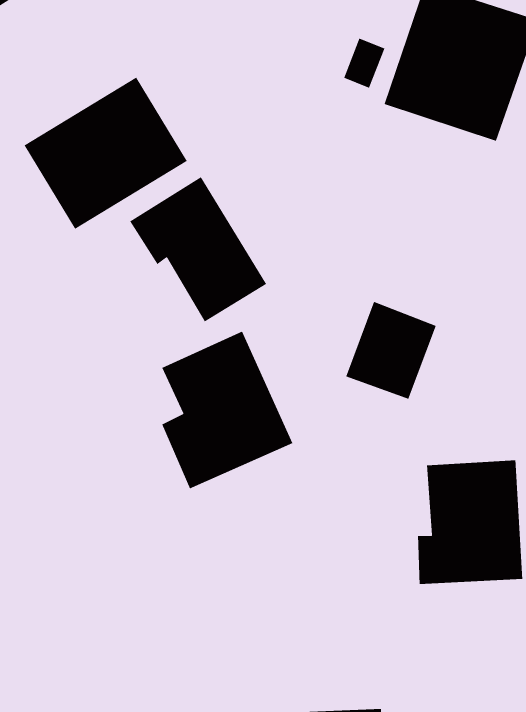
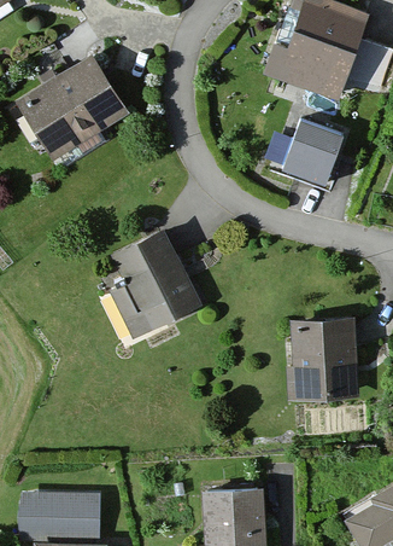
building: [129,176,267,323] -> none
building: [345,301,437,400] -> [281,116,344,184]

